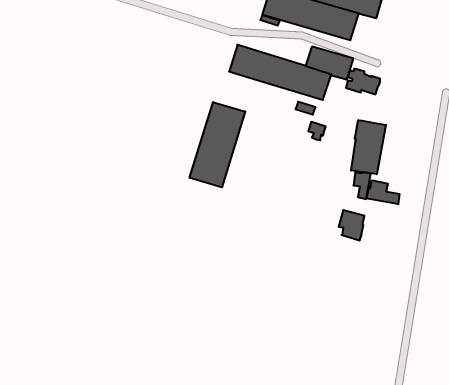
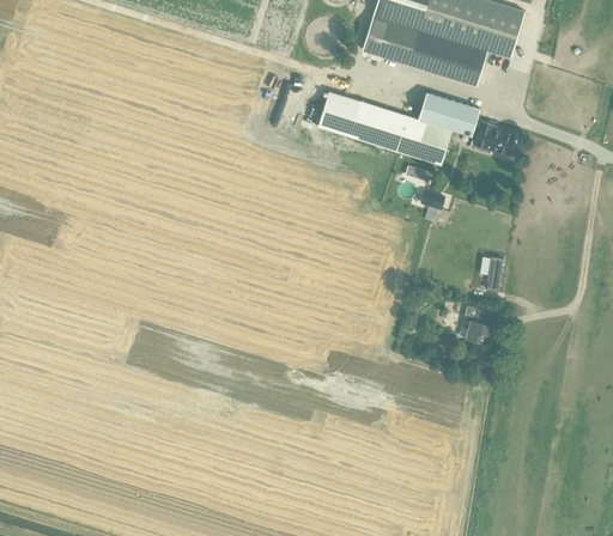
building: [190,102,245,187] -> none
building: [351,120,386,174] -> none
building: [366,180,400,204] -> none

